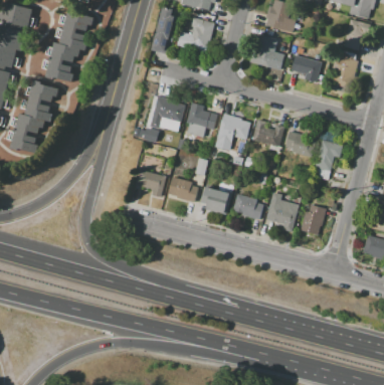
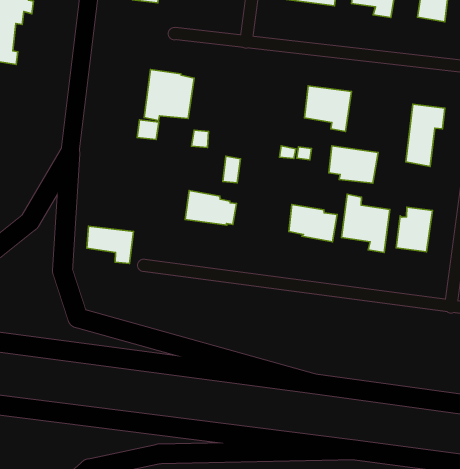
building: [185,102,216,138] -> none
building: [215,114,250,145] -> none
building: [284,131,318,158] -> [329,146,378,183]
building: [135,170,166,197] -> [87,226,133,263]
building: [201,187,231,214] -> none

